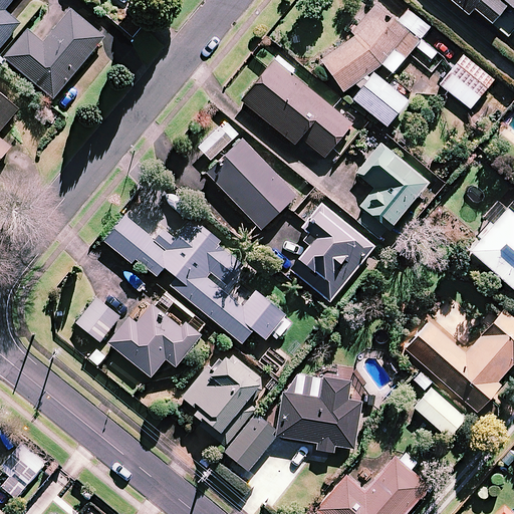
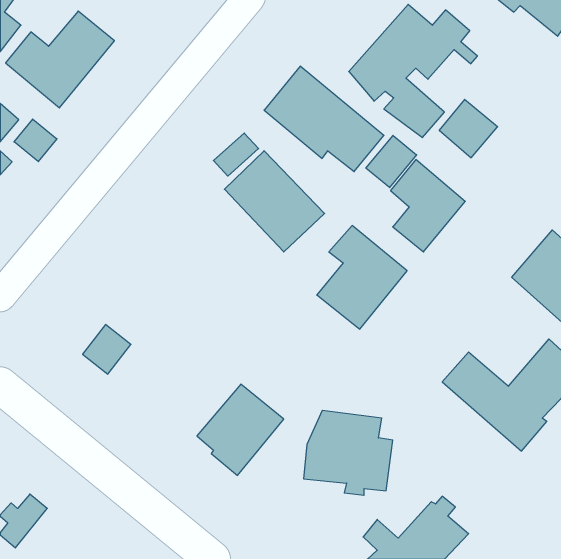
building: [440,55,493,108] -> [439,99,498,158]
building: none -> [14,119,57,162]
building: none -> [366,135,417,188]
building: [104,215,291,345] -> none
building: [108,298,200,376] -> none
building: [413,387,465,443] -> none
building: [217,414,278,470] -> none

